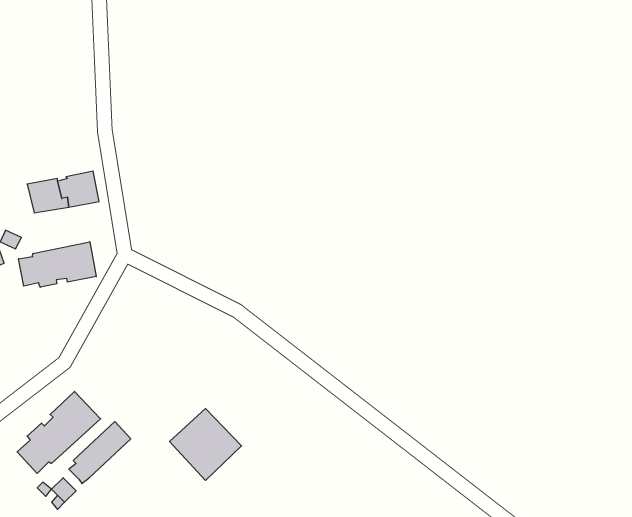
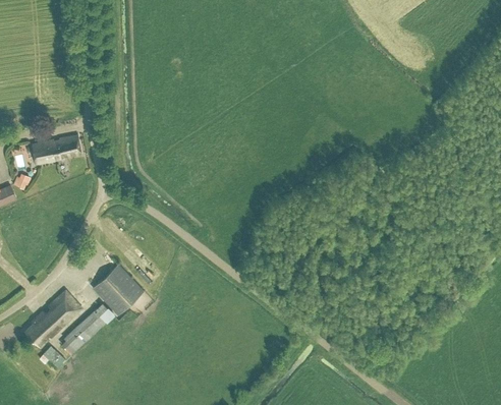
building: [18,242,96,287] -> none
building: [170,409,242,480] -> [92,264,143,314]

